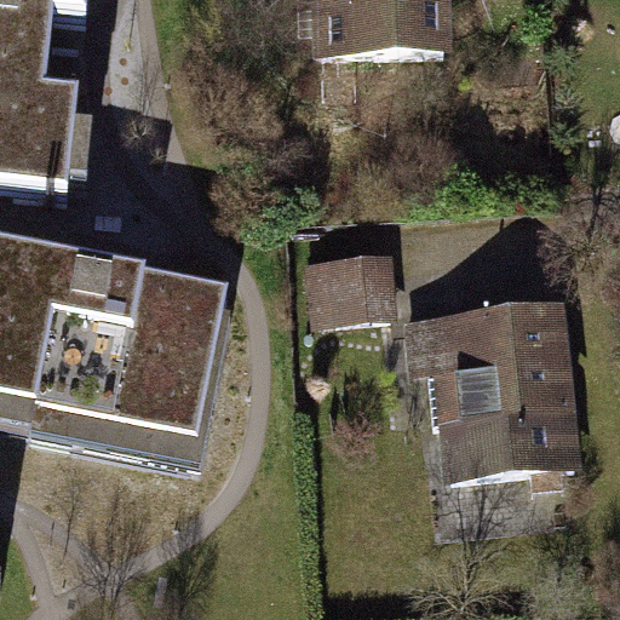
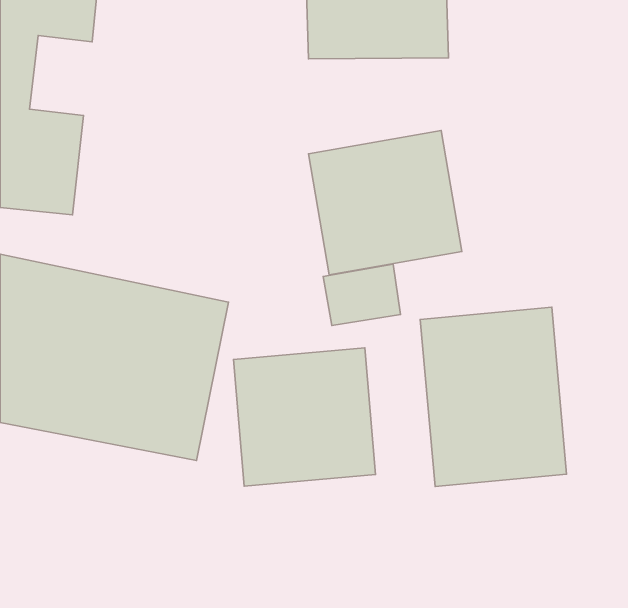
building: none -> [309,131,462,275]
building: none -> [233,348,375,486]

